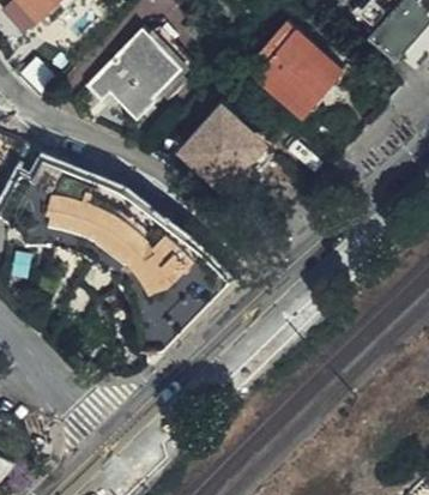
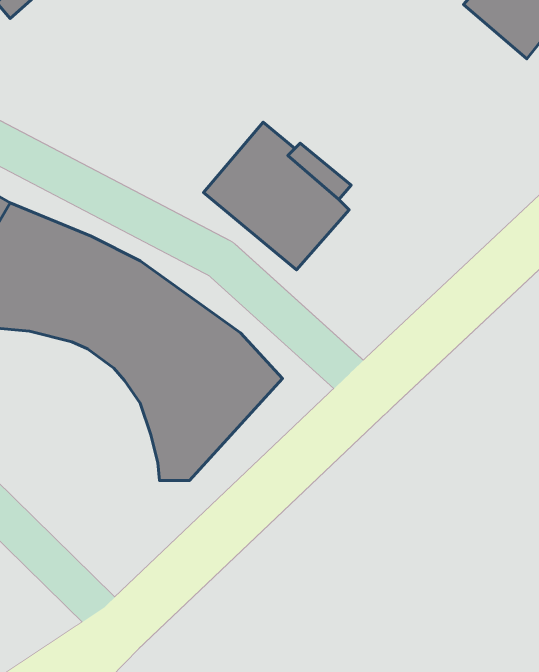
building: [86,28,186,119] -> none
building: [246,29,337,113] -> none

